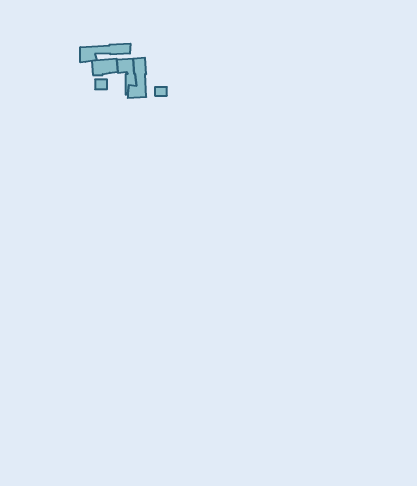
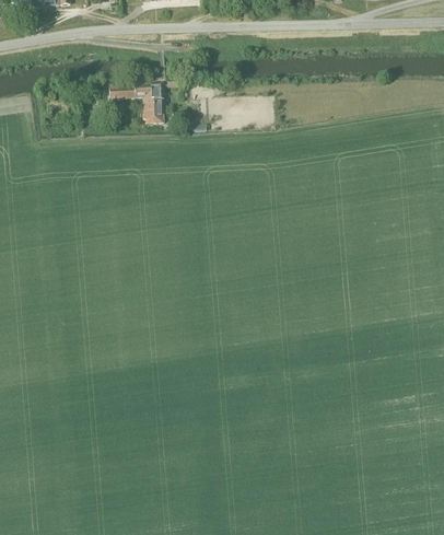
building: [80,44,130,62] -> none

